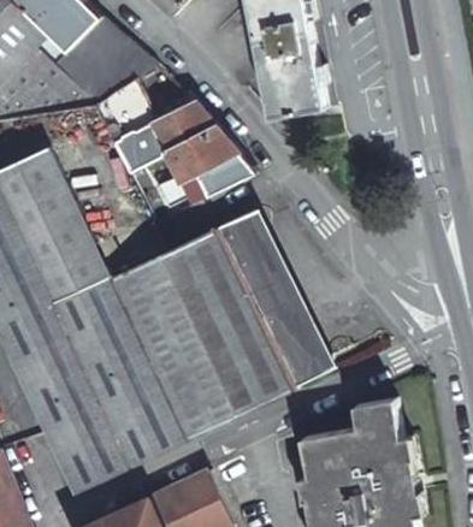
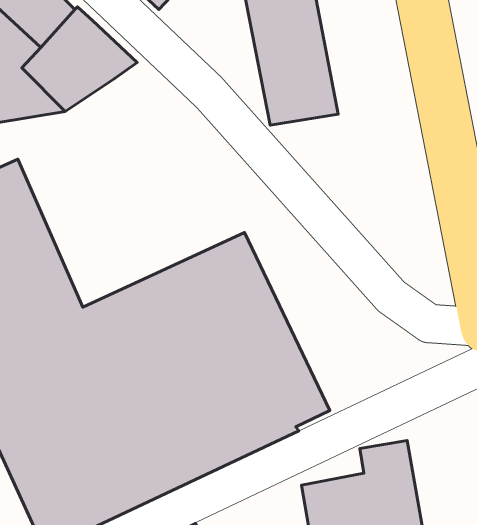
building: [90,76,252,206] -> none

